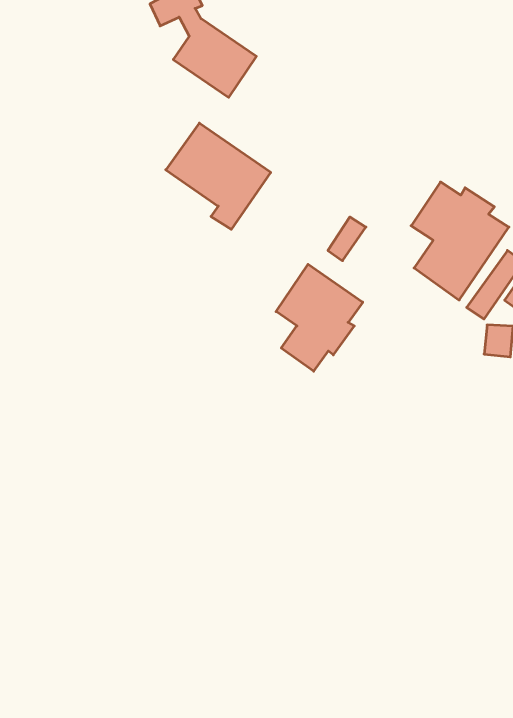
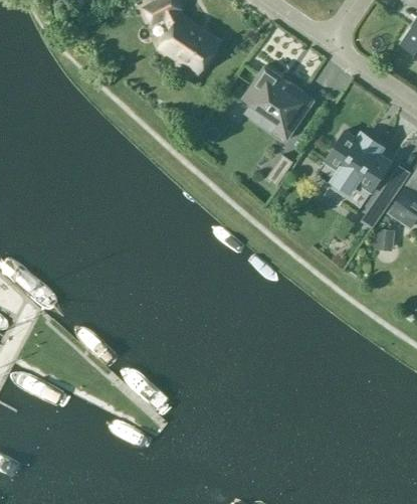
building: [166,123,271,229] -> [241,65,314,139]
building: [276,264,363,371] -> none

